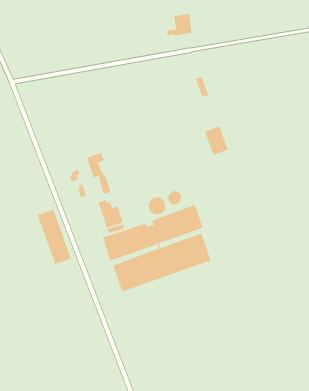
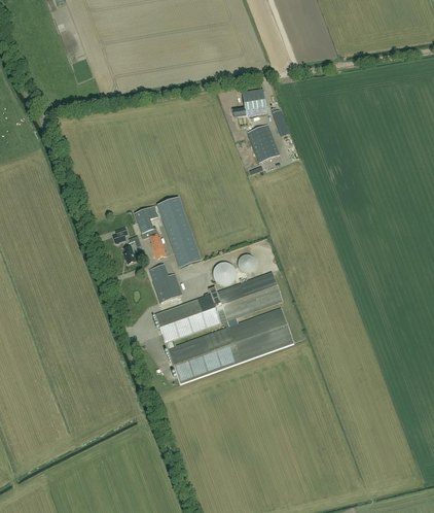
building: [166,13,192,36] -> [233,88,266,116]
building: [204,126,229,156] -> [248,124,279,162]
building: [37,209,72,264] -> [157,197,202,267]

